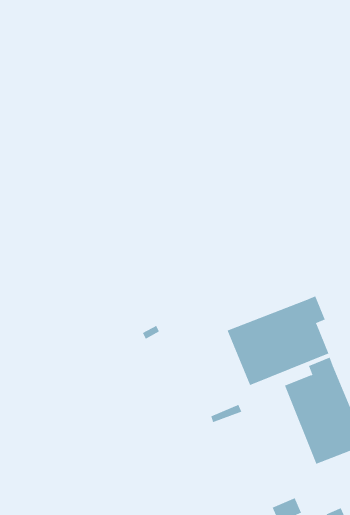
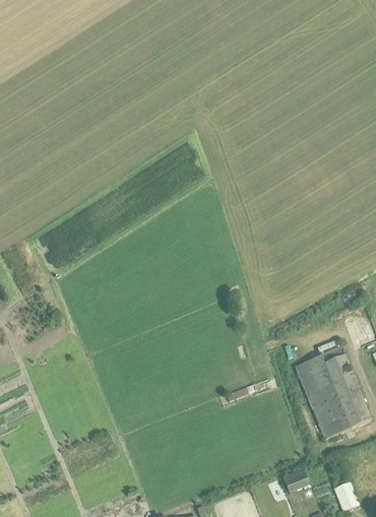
building: [227,295,329,386] -> none

